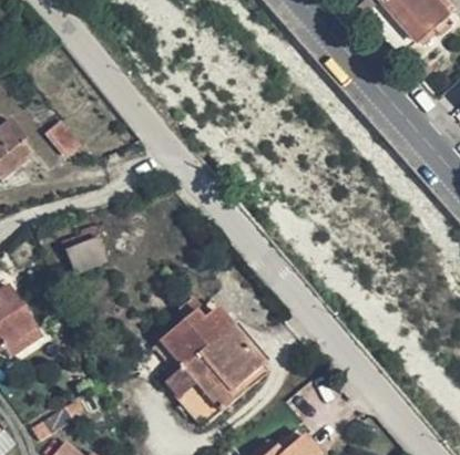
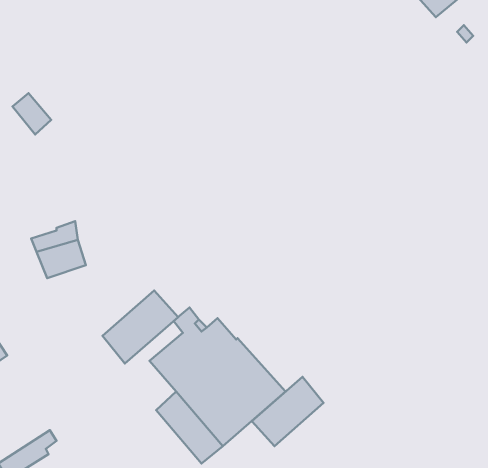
building: none -> [103,291,178,363]
building: none -> [252,377,324,446]

